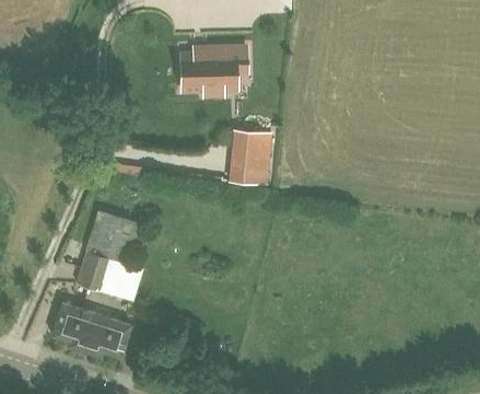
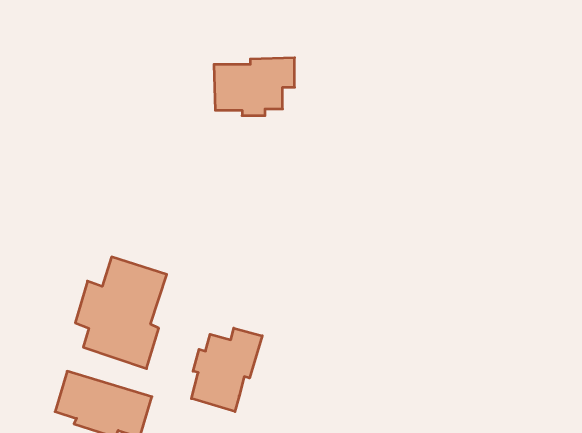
building: [234,129,272,184] -> none
building: none -> [191,328,262,412]

